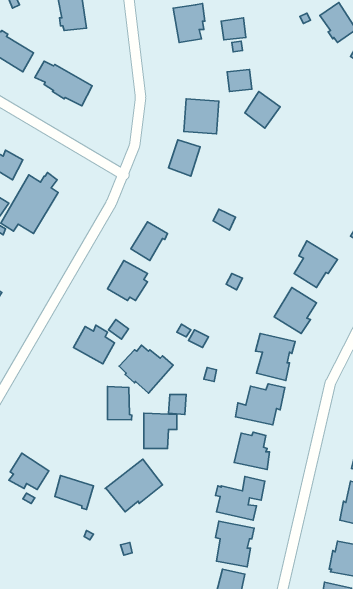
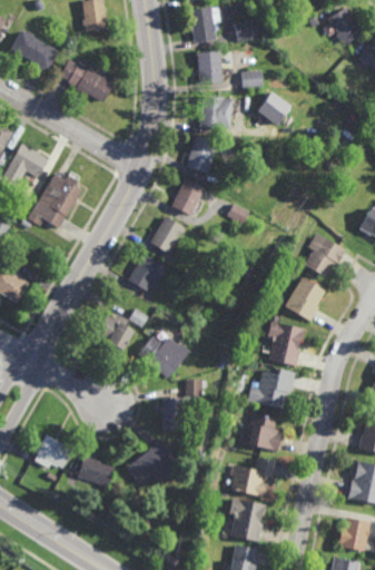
building: none -> [198,52,223,87]
building: none -> [171,176,204,214]
building: [108,387,132,420] -> none

